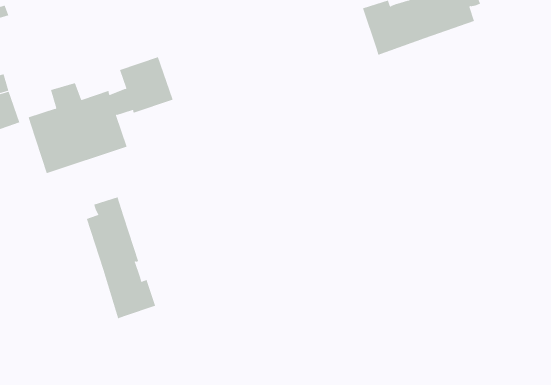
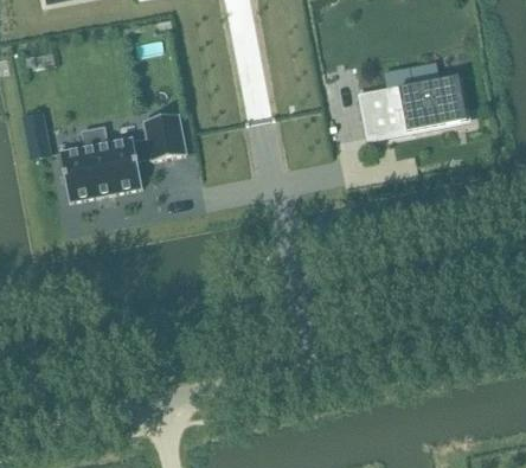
building: [86,197,156,319] -> none

